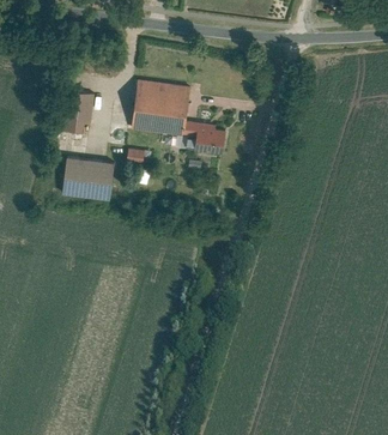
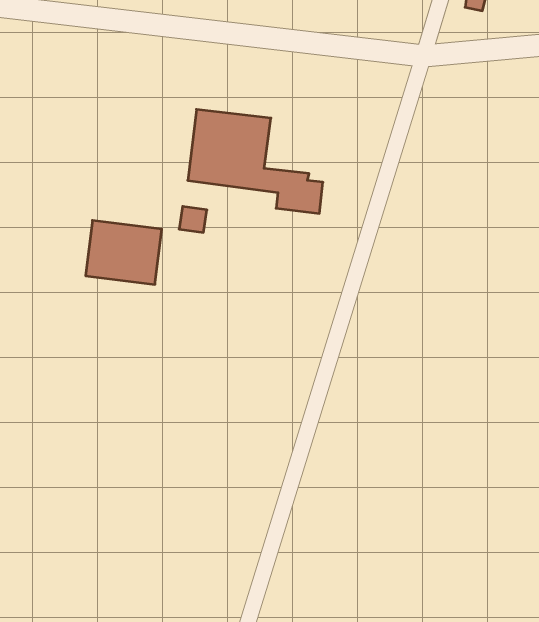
building: [61,89,95,133] -> none

